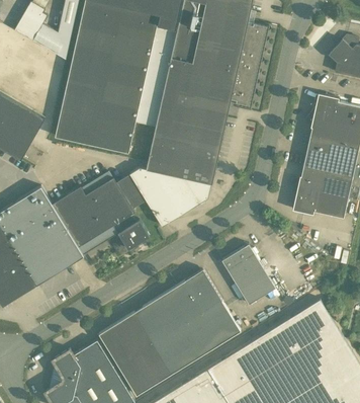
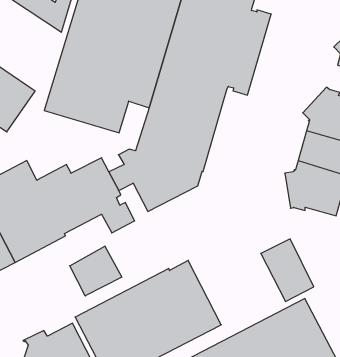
building: [220,244,274,305] -> [261,239,314,301]
building: none -> [70,246,122,296]

